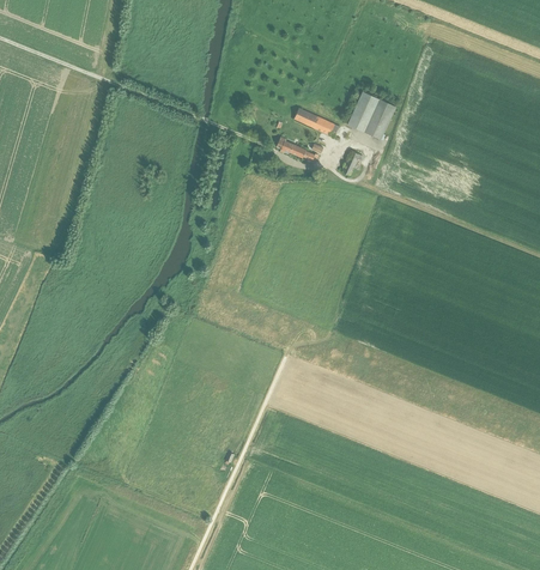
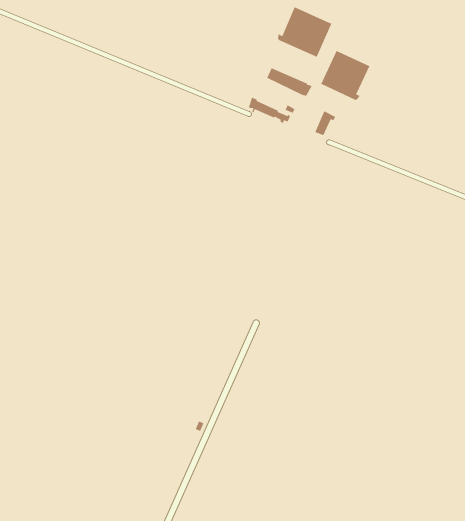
building: none -> [277,6,332,58]

